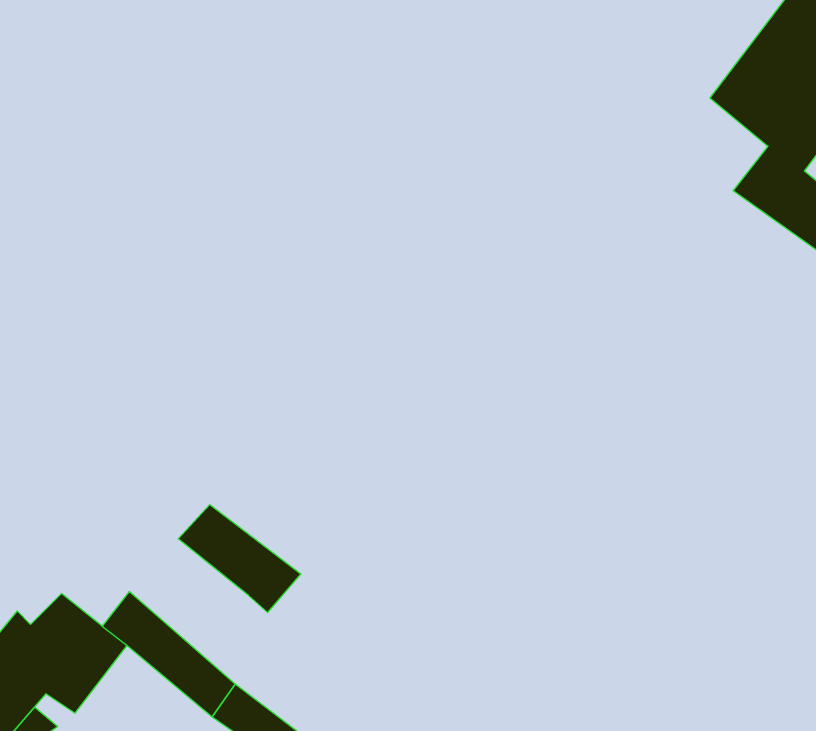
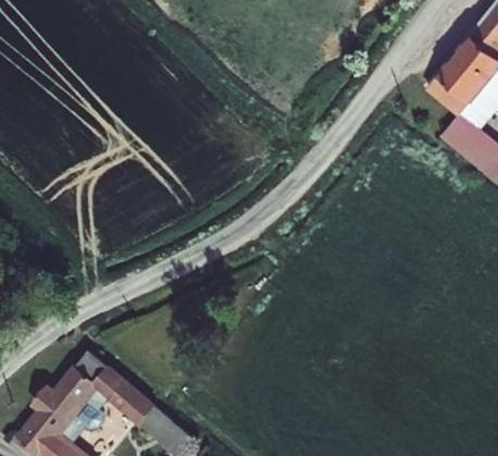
building: [178,505,301,613] -> none

